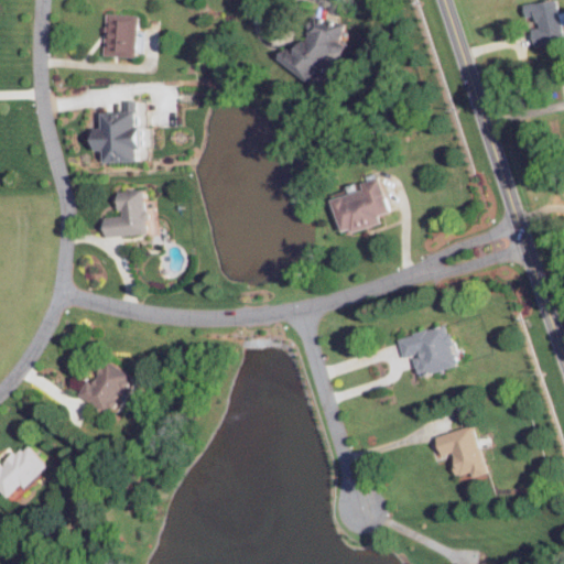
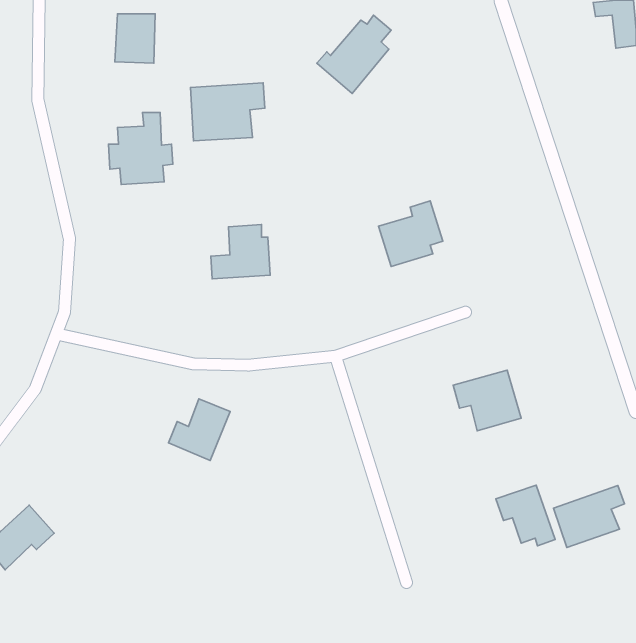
building: none -> [190,83,265,141]
building: [101,189,153,237] -> [211,224,270,279]
building: [74,360,128,414] -> [168,399,230,461]
building: none -> [554,486,624,547]

